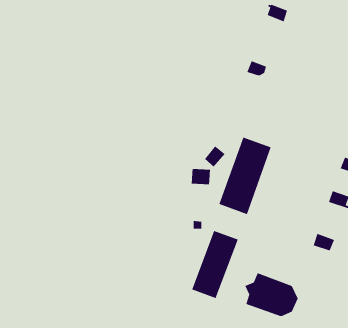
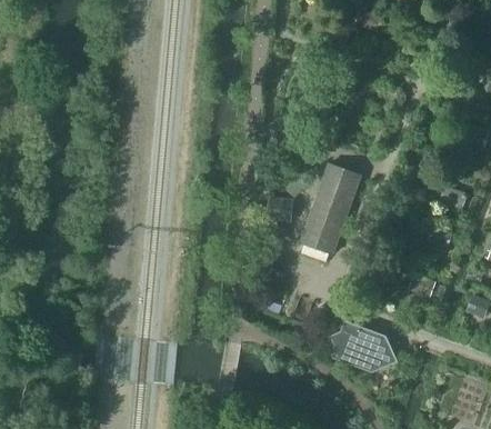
building: [191,230,238,299] -> none

